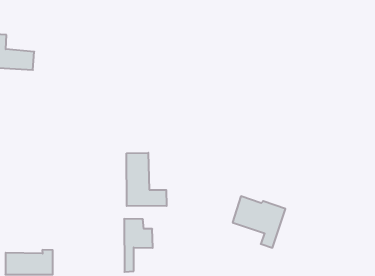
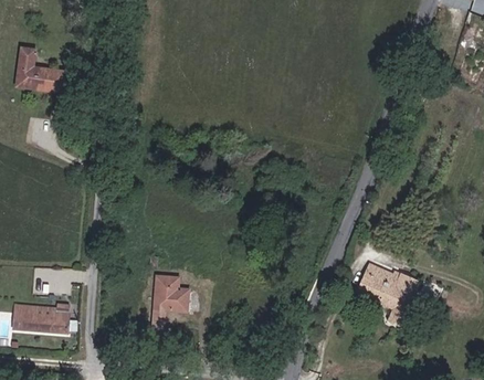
building: [127,153,167,206] -> none
building: [233,196,285,248] -> [356,263,419,326]

